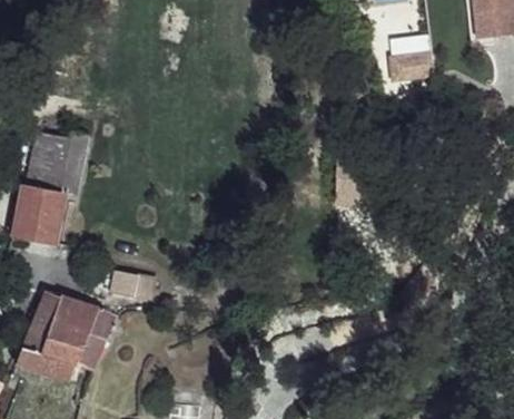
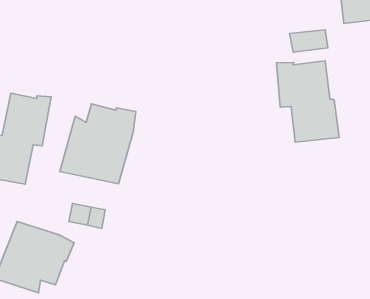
building: none -> [276,61,339,142]
building: none -> [60,104,136,184]

